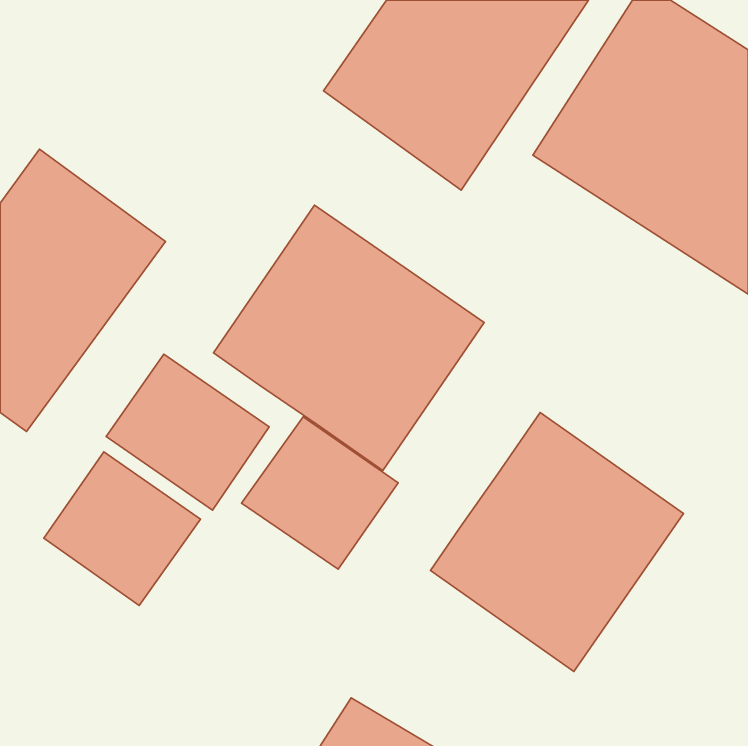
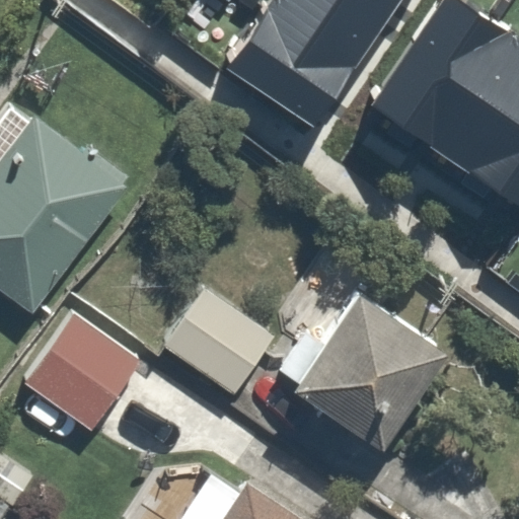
building: [213,205,484,470] -> none
building: [106,354,269,510] -> none

